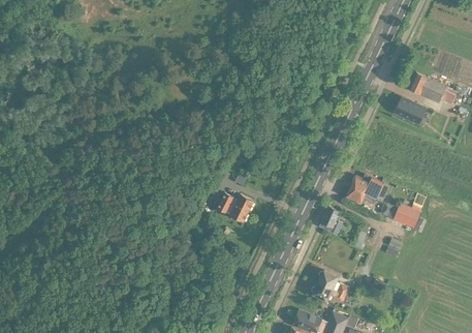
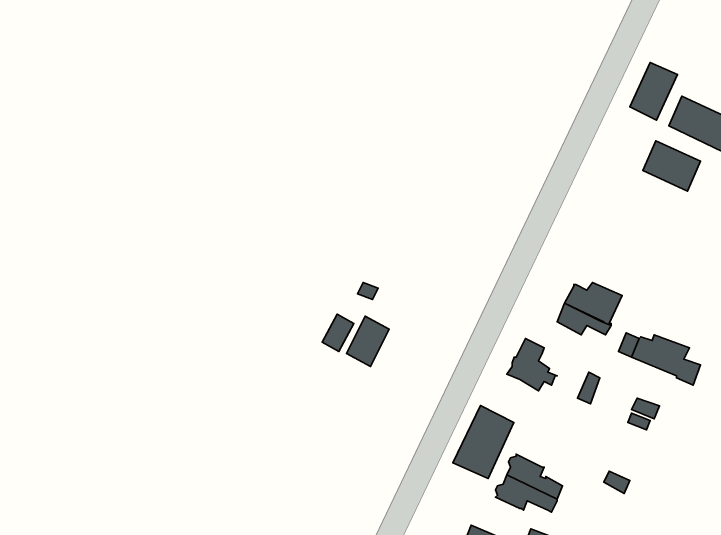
building: none -> [630,62,678,120]
building: none -> [453,405,514,479]

